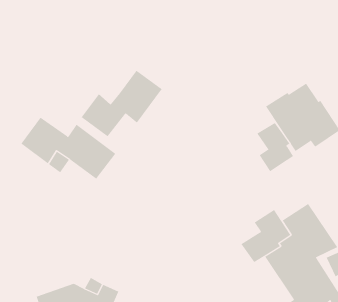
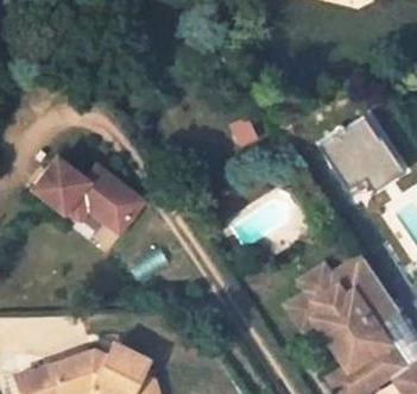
building: [81,70,163,137] -> none
building: [257,122,294,172] -> none

